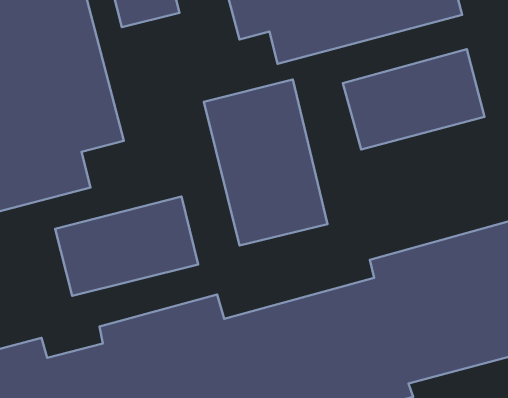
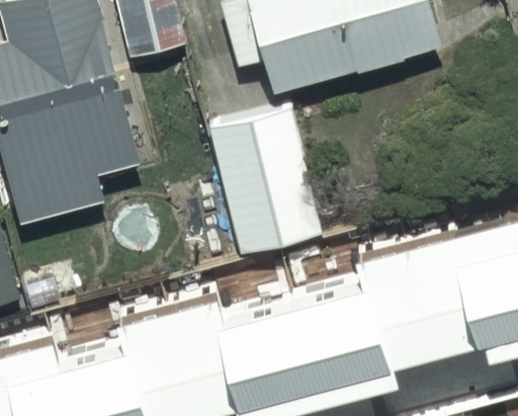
building: [343,49,484,149] -> none
building: [55,196,198,296] -> none

